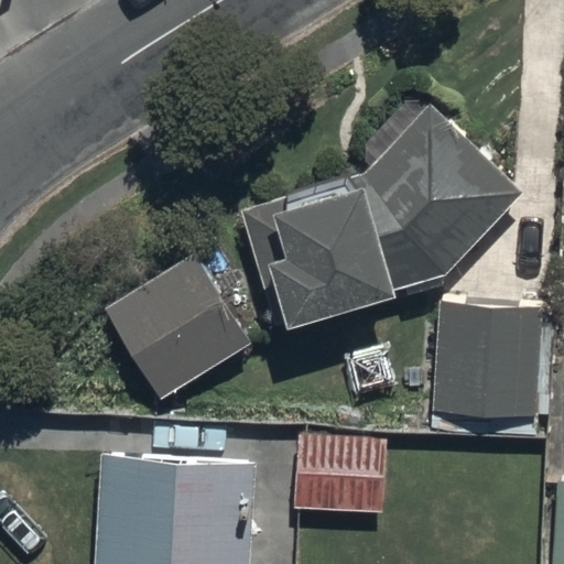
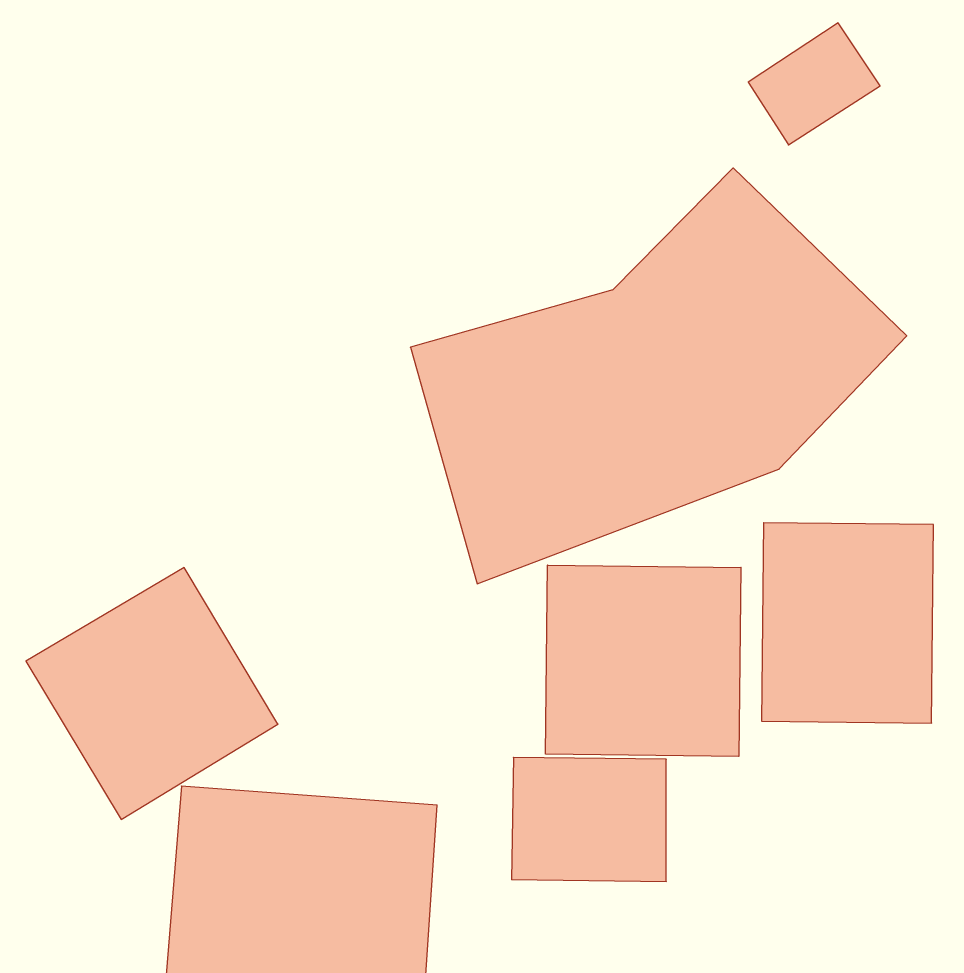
building: [104,253,249,399] -> [26,568,278,819]
building: none -> [546,565,741,756]

